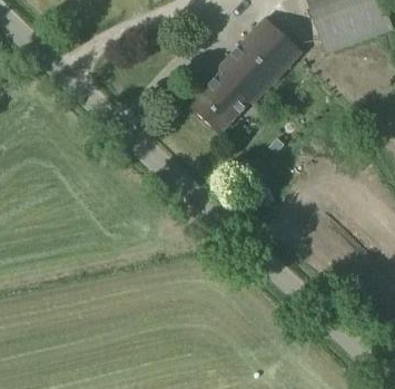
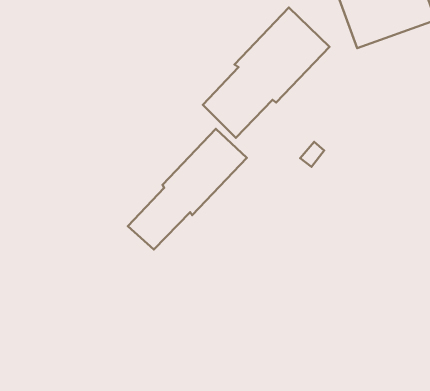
building: none -> [128,129,247,250]

